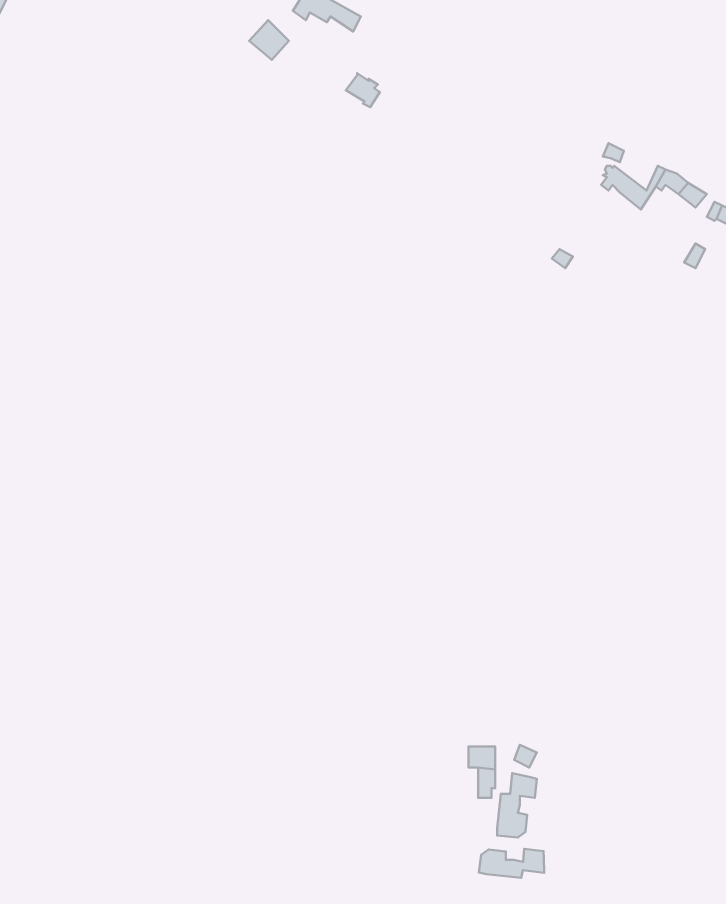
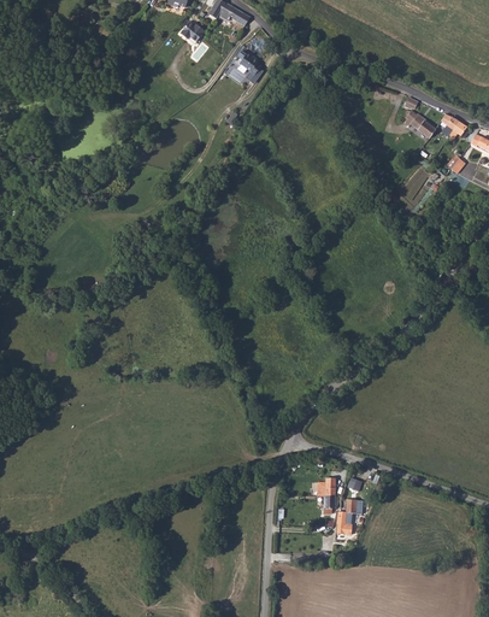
building: [479,849,544,878] -> none

